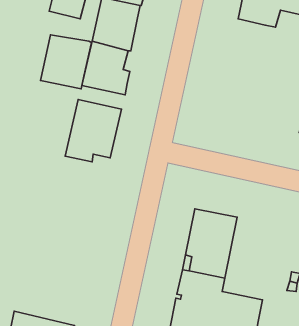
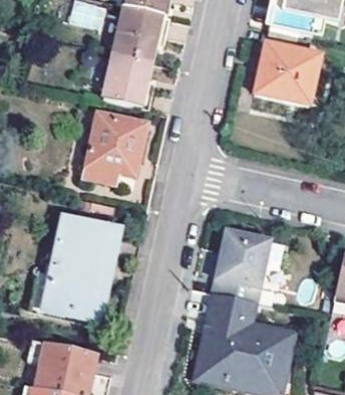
building: none -> [255,25,320,105]
building: [41,35,92,89] -> none
building: none -> [30,212,115,317]

